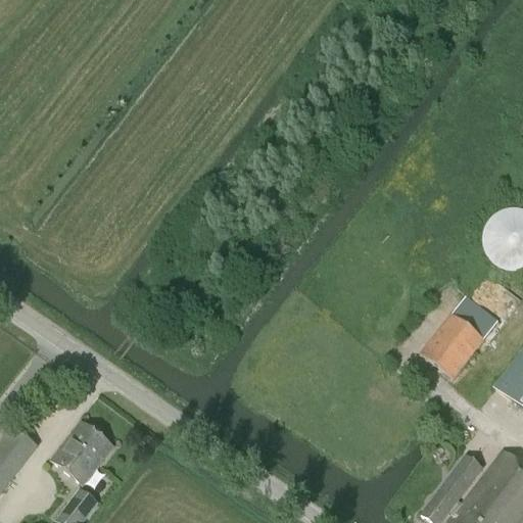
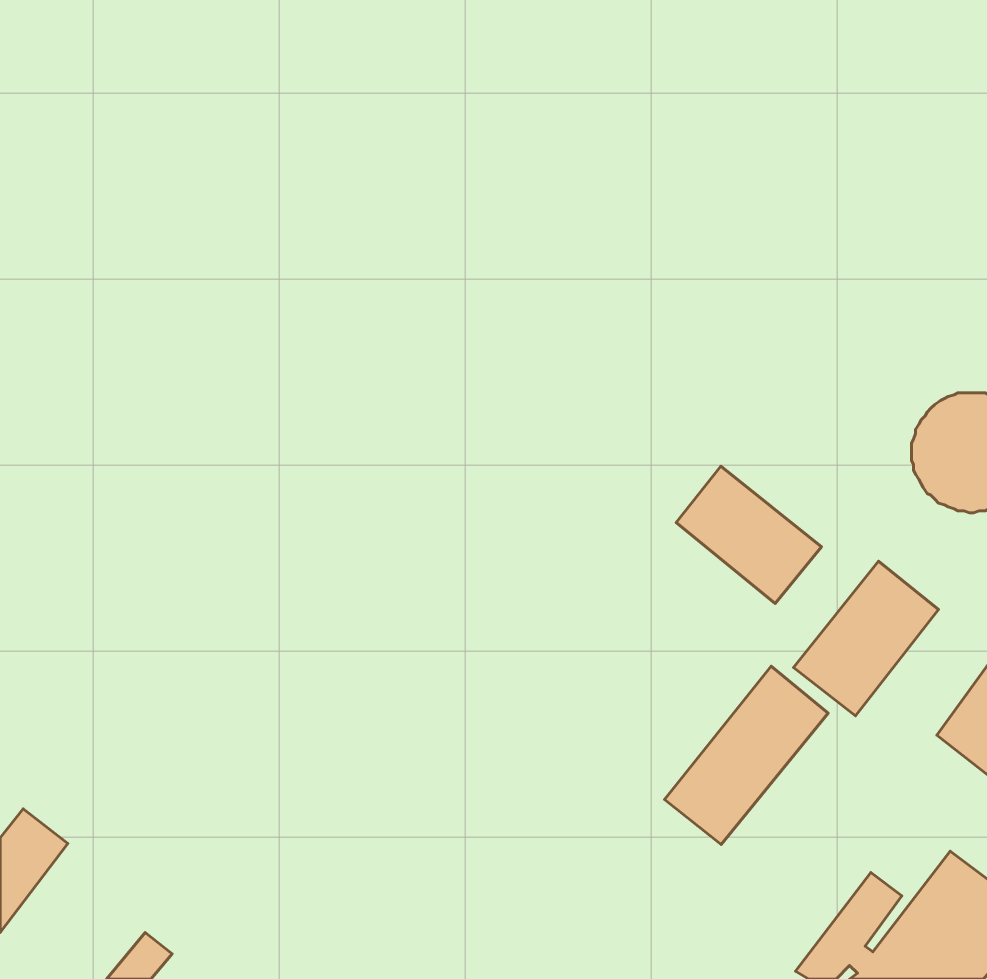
building: none -> [676,466,822,604]
building: none -> [664,666,828,844]
building: [51,420,113,483] -> none

